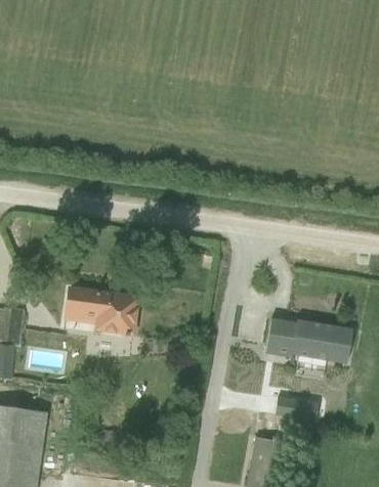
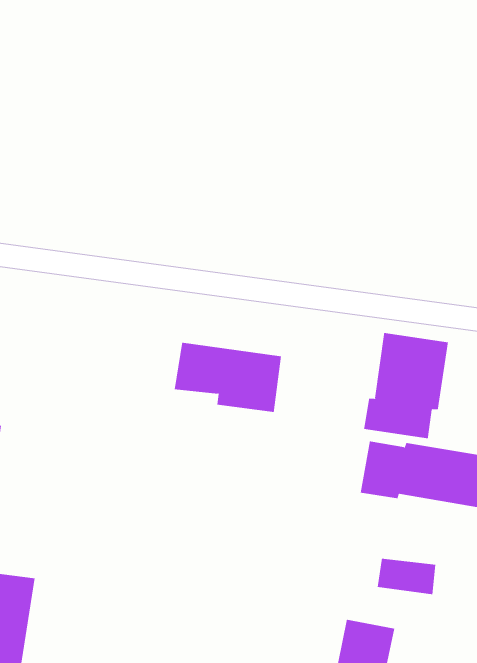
building: none -> [364,332,449,439]
building: [65,289,137,336] -> [174,342,282,412]

